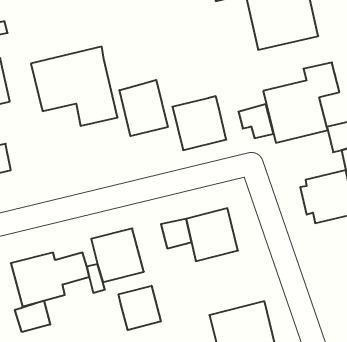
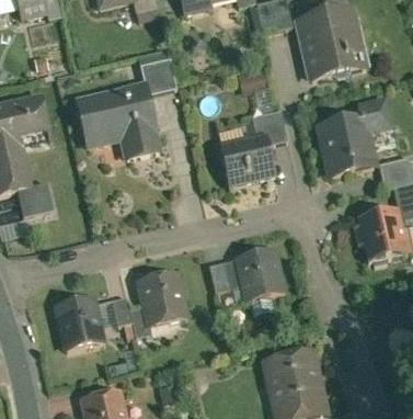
building: none -> [141,58,176,94]
building: [119,80,168,136] -> none
building: [238,104,273,138] -> [251,110,287,145]
building: [119,286,161,330] -> none
building: [15,301,50,332] -> none

